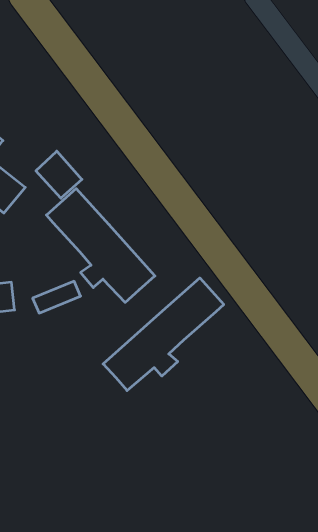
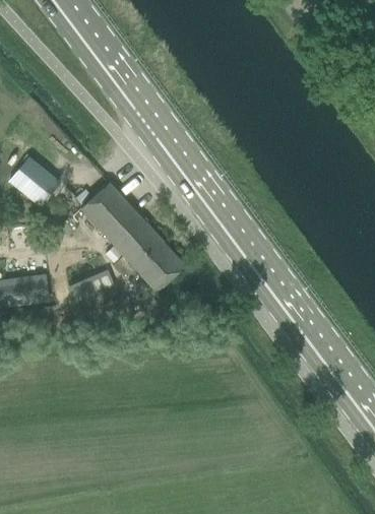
building: [36,151,82,198] -> none
building: [103,278,224,391] -> none

